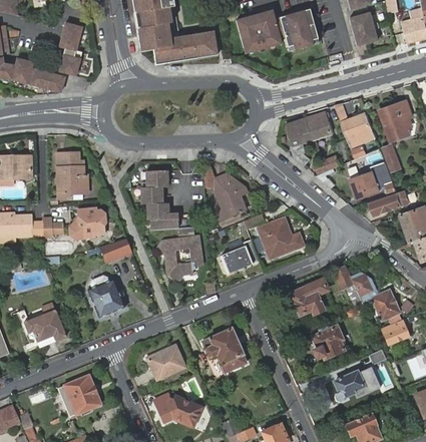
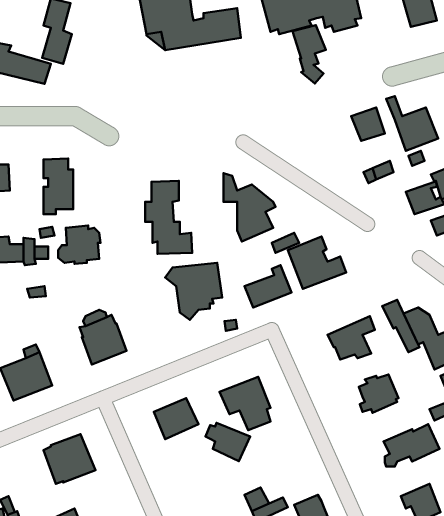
building: [289,118,316,165] -> [292,25,326,83]
building: [101,238,132,262] -> none
building: [164,396,200,427] -> [205,423,250,461]

